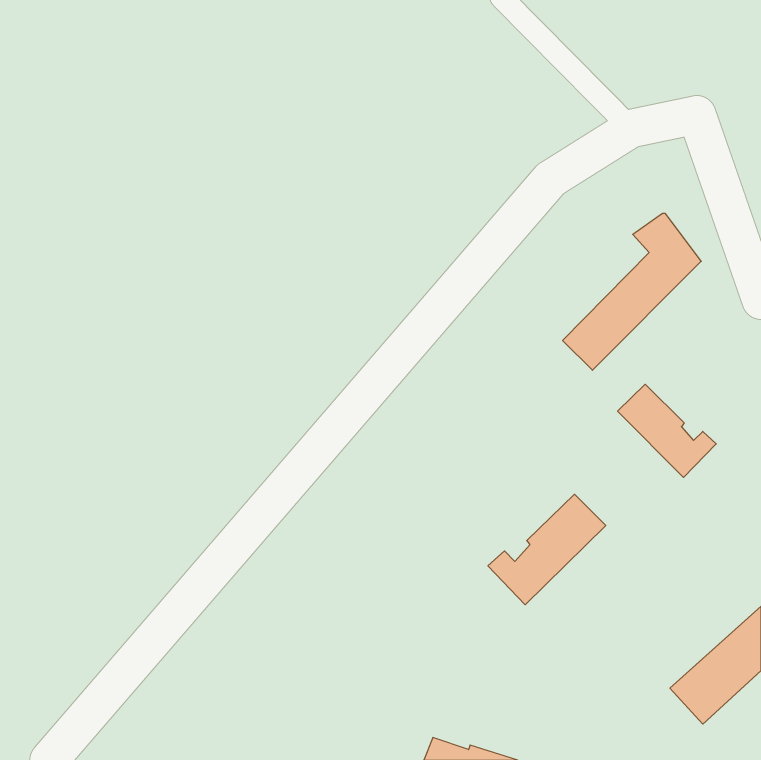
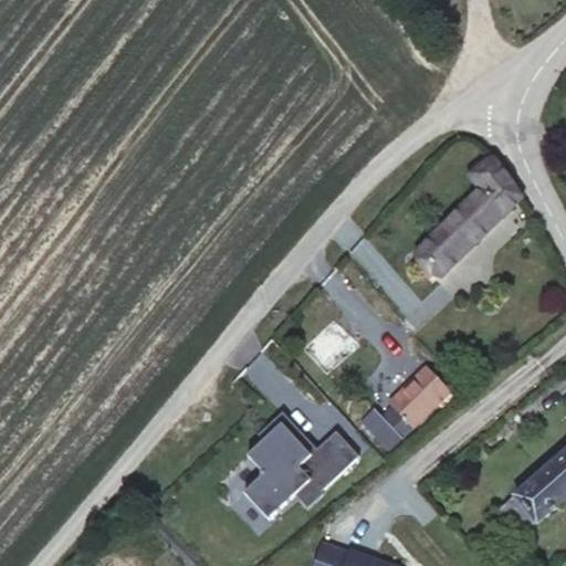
building: [618,384,716,477] -> none
building: none -> [247,410,361,516]

